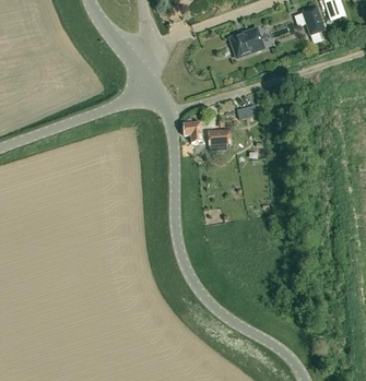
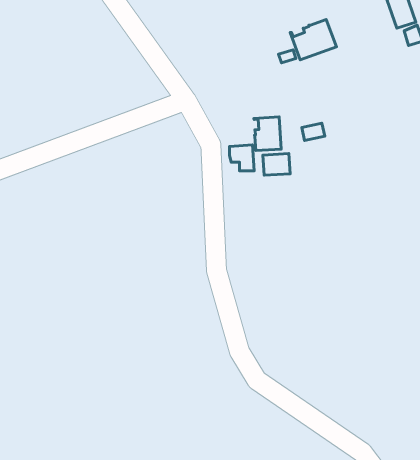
building: none -> [254,117,281,150]

